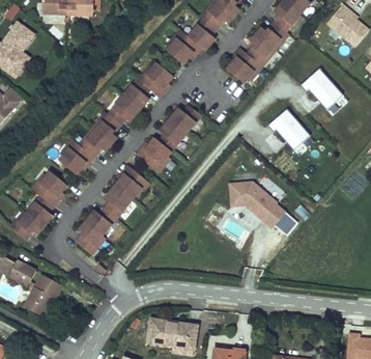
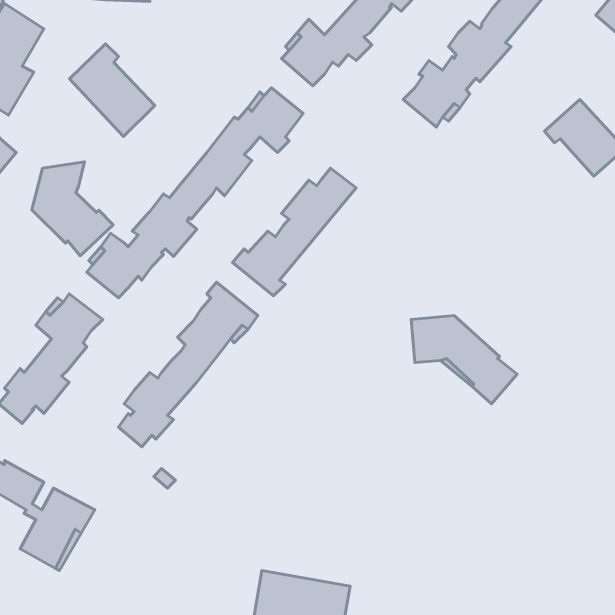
building: none -> [69,44,155,136]
building: none -> [32,162,113,256]
building: [268,109,311,150] -> none

